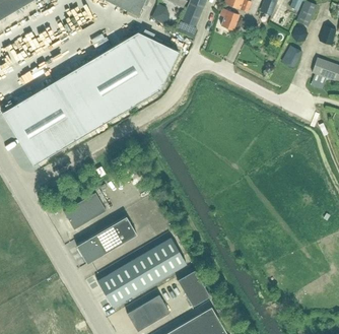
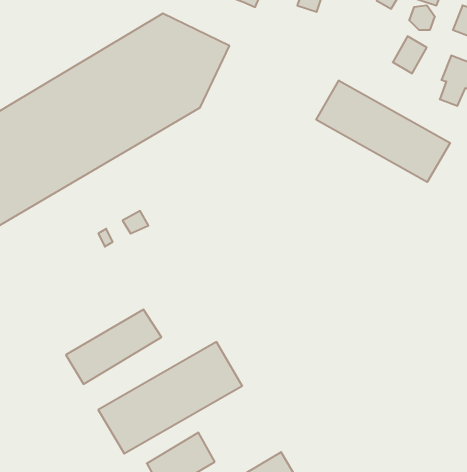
building: none -> [316,80,450,182]
building: [63,188,111,228] -> none
building: [178,269,210,306] -> none

